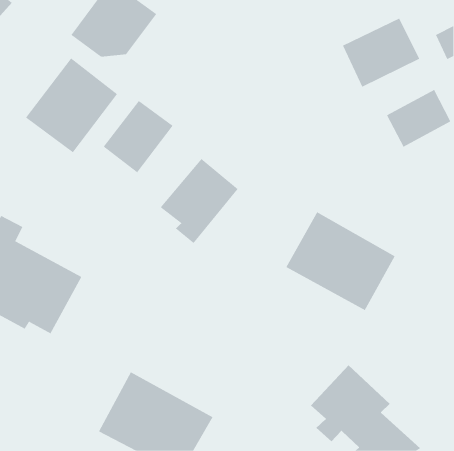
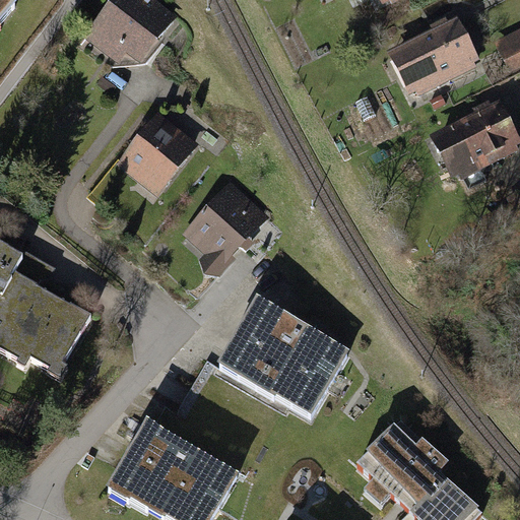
building: [25,58,118,153] -> none
building: [286,212,396,311] -> [221,301,346,413]

